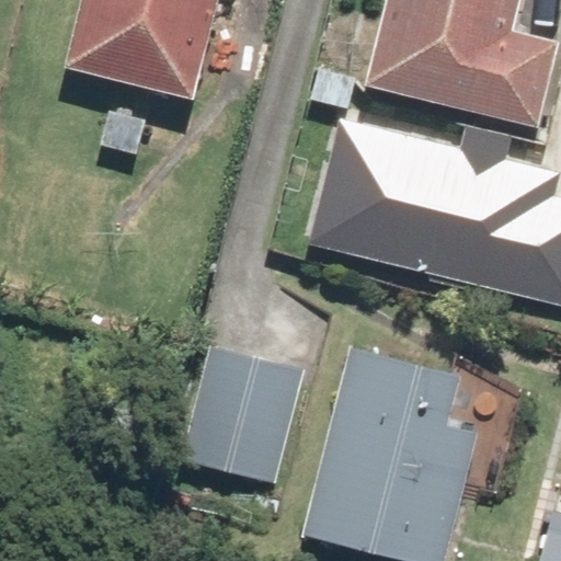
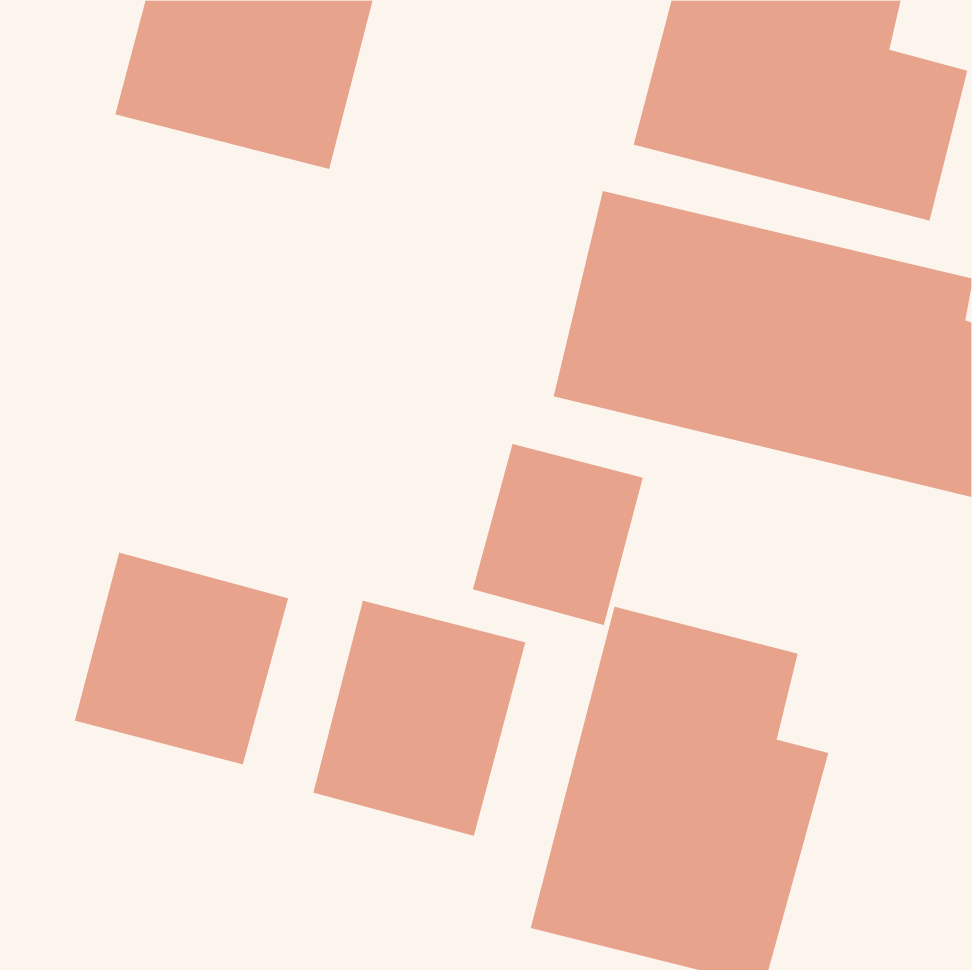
building: none -> [472,443,644,626]
building: none -> [74,552,289,765]

